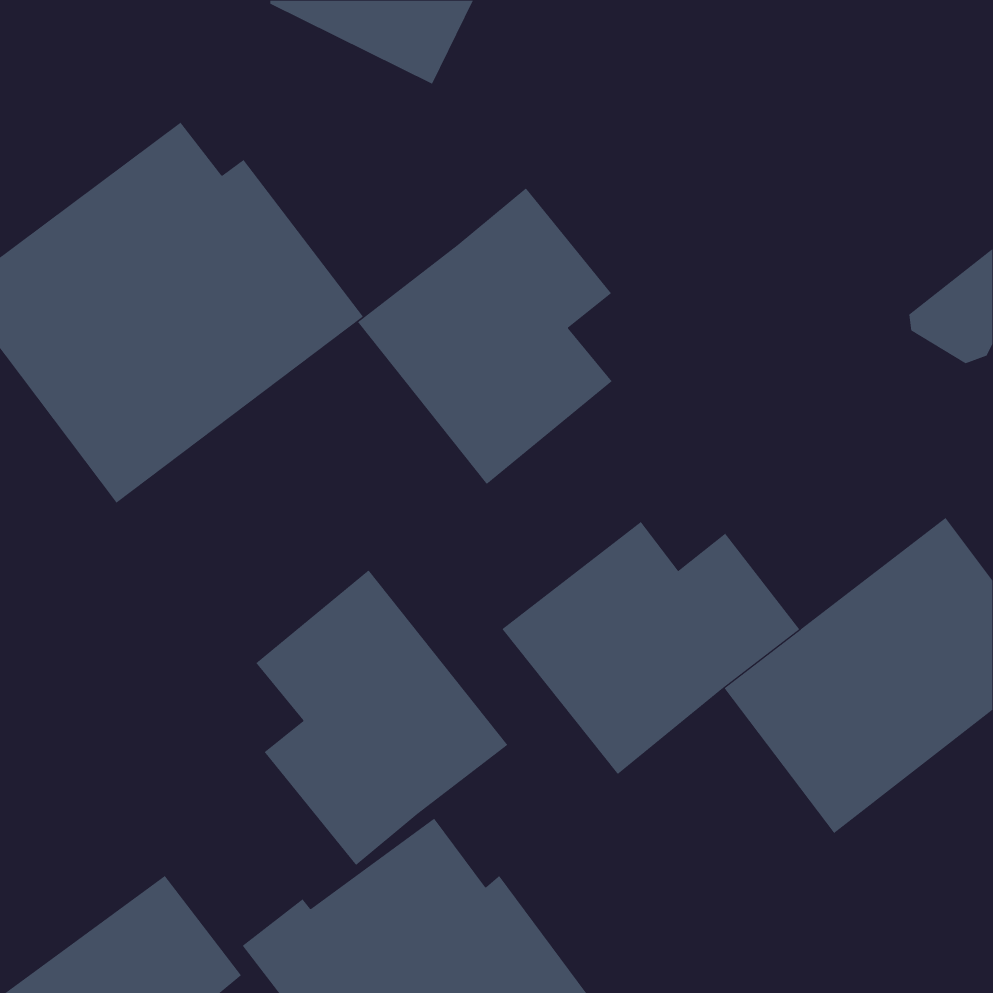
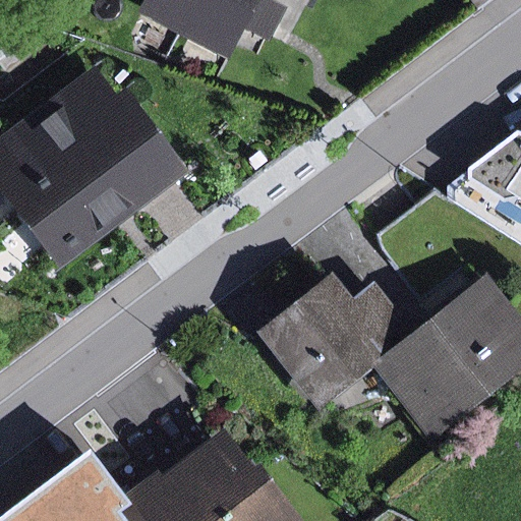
building: [357,188,613,485] -> none
building: [255,570,508,866] -> none

